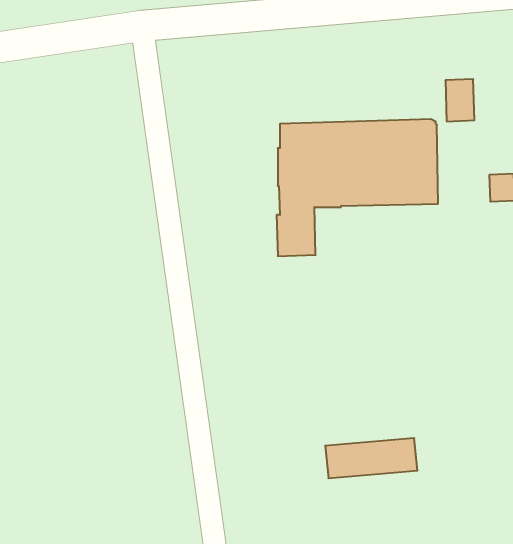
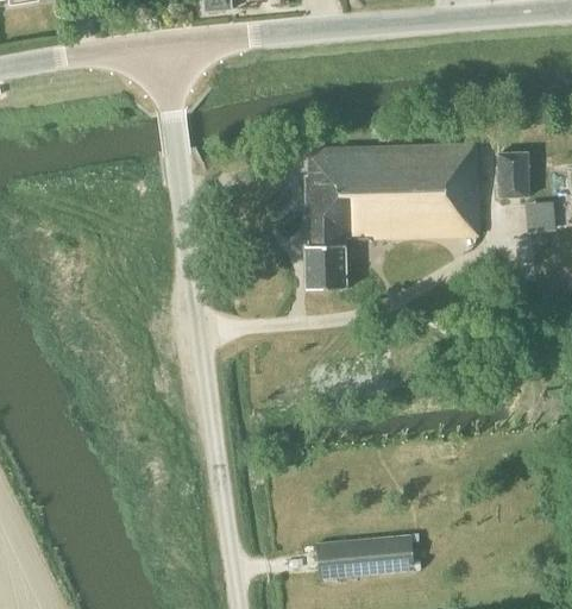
building: [445,79,474,121] -> [497,151,528,196]
building: [325,438,418,478] -> [315,534,414,577]

